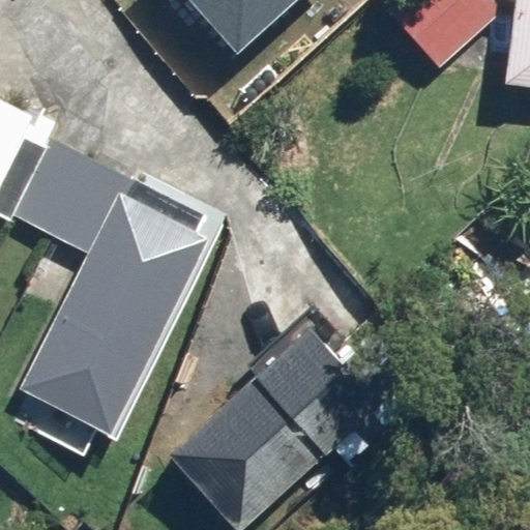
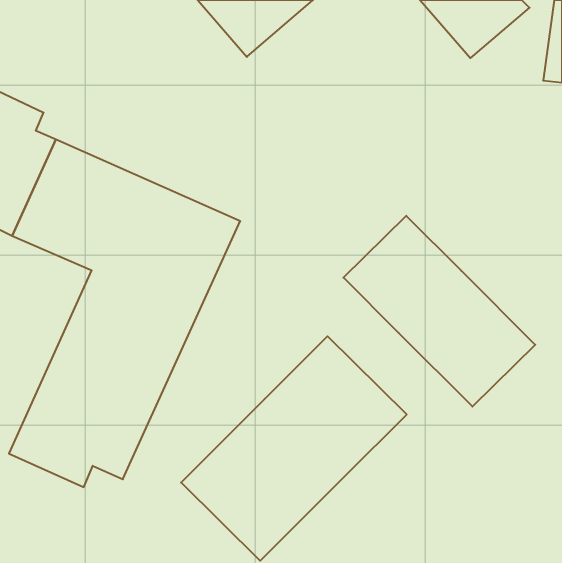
building: none -> [343,216,535,407]

